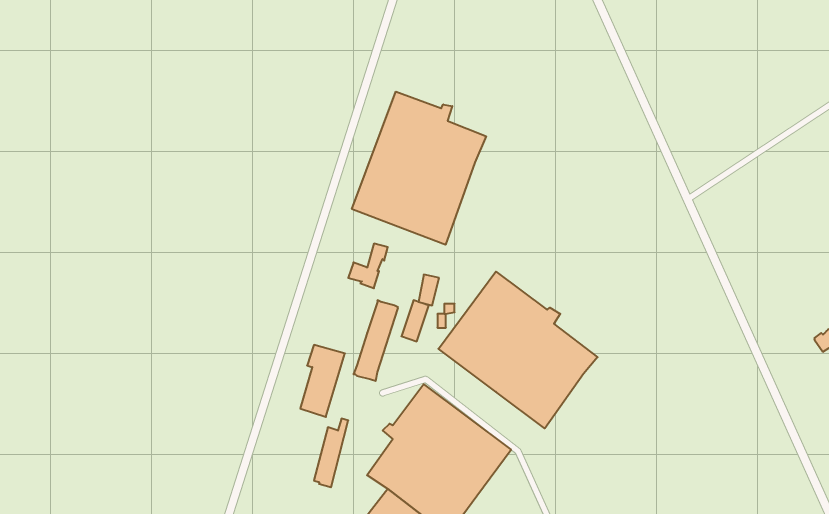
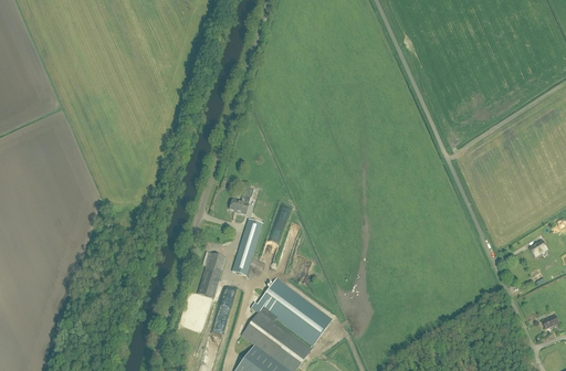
building: [352,92,486,245] -> none
building: [438,272,598,428] -> none

